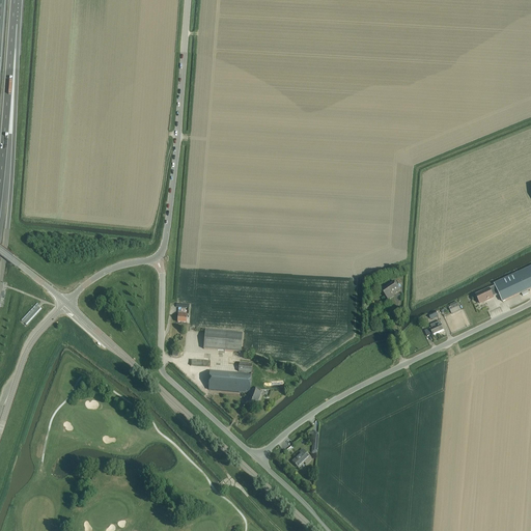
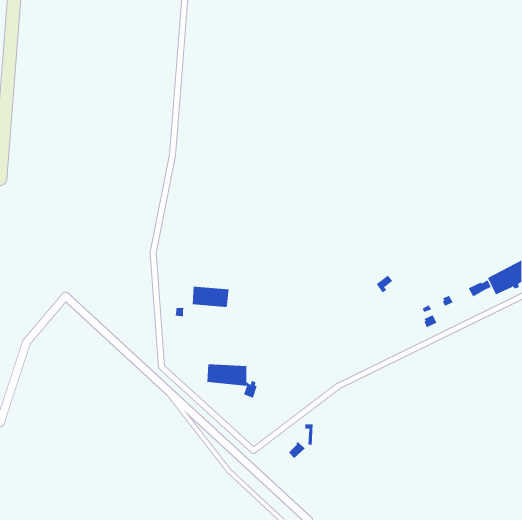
building: [204,329,243,351] -> [192,286,230,307]

